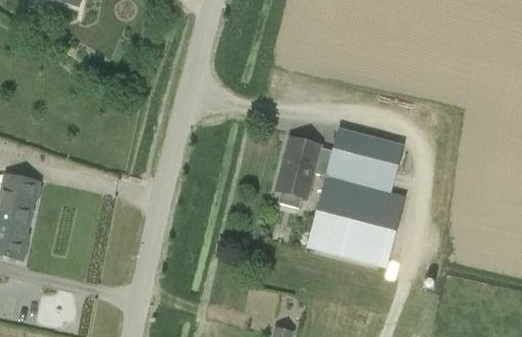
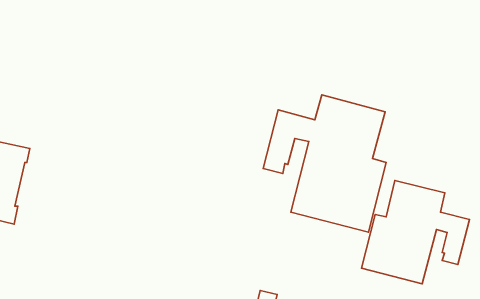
building: none -> [361,180,469,284]

